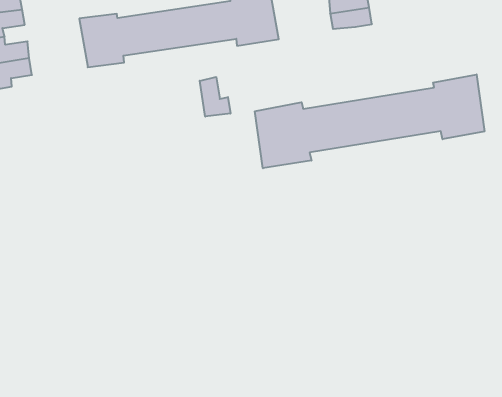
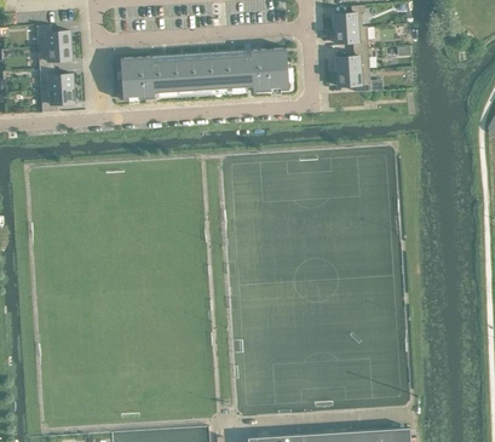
building: [255,74,484,168] -> none
building: [200,77,230,117] -> none

